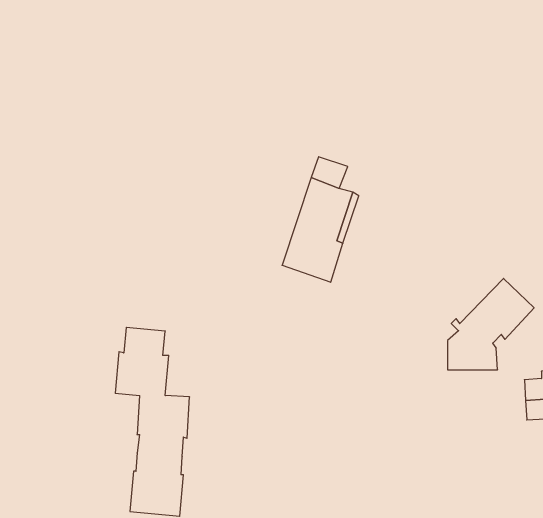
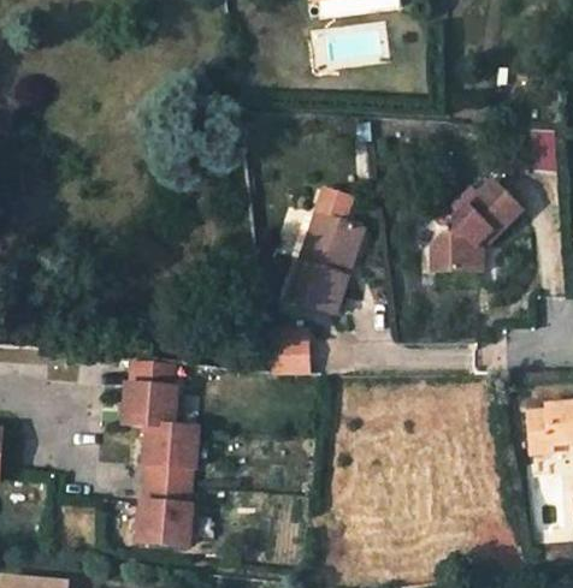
building: [448,278,534,370] -> [439,180,525,271]
building: none -> [267,334,307,370]

